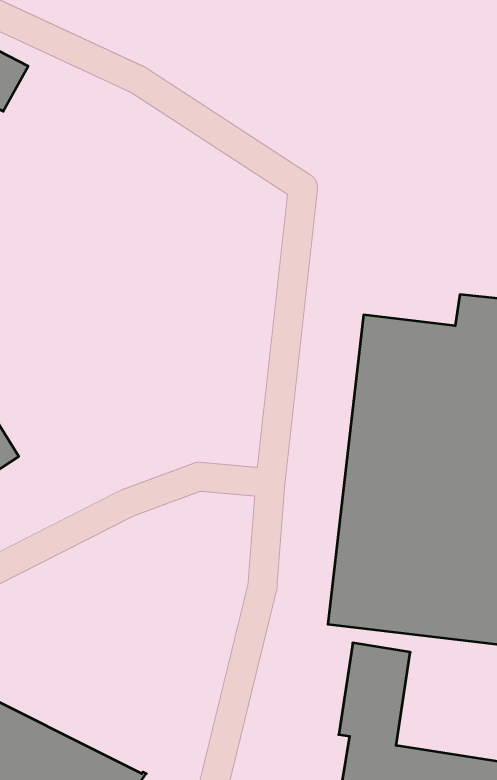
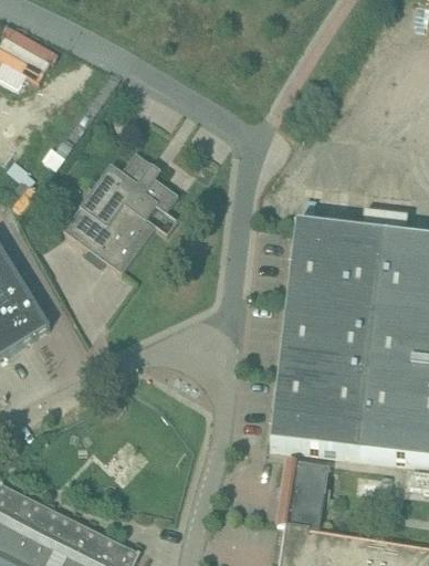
building: none -> [63,153,178,273]

